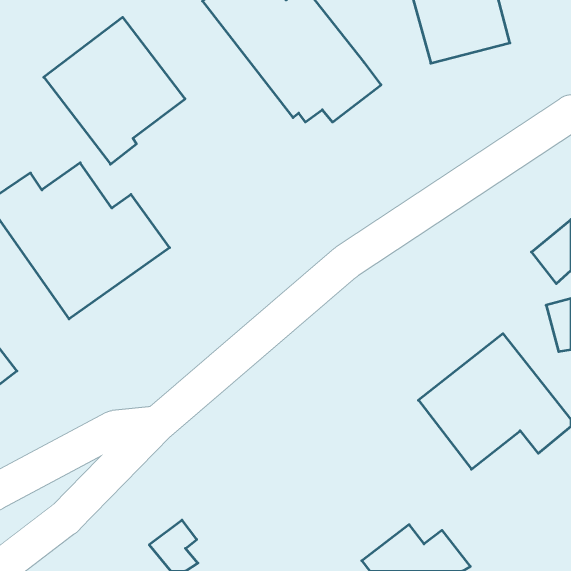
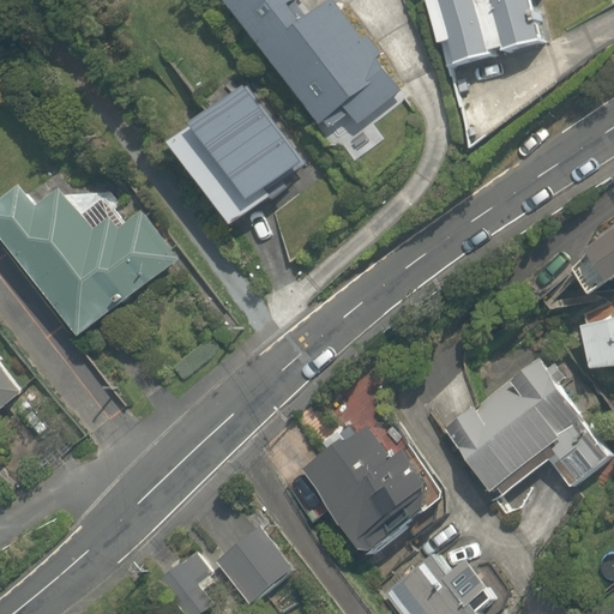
building: [44,17,185,164] -> [159,79,309,235]
building: none -> [299,415,439,560]
building: none -> [218,528,288,598]

